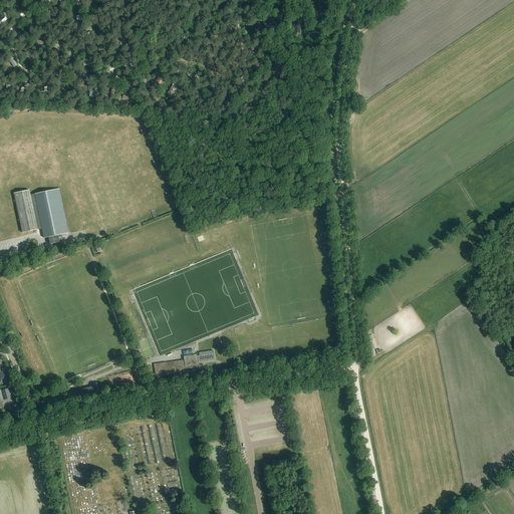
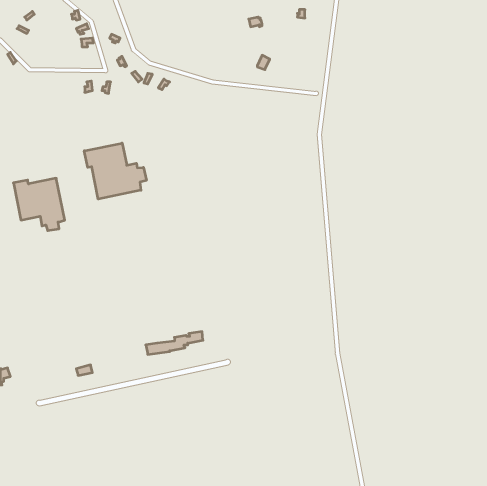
building: none -> [84,143,146,199]

